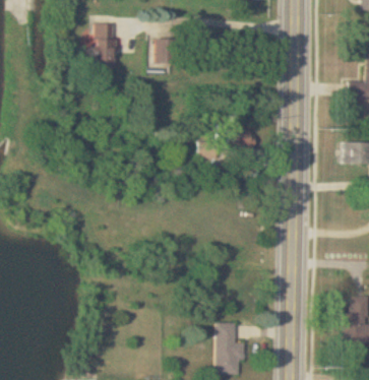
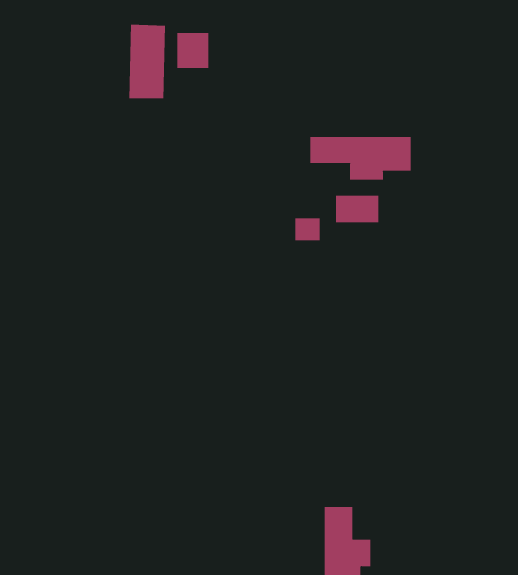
building: [155,39,175,61] -> [177,33,209,68]
building: none -> [310,136,411,181]

